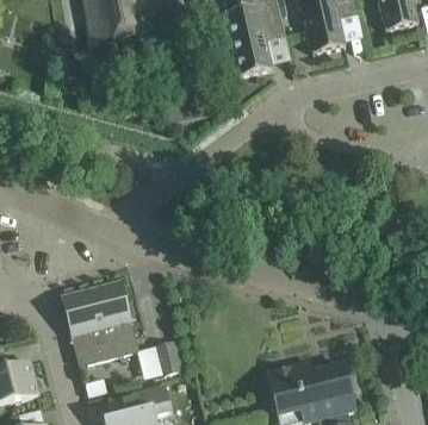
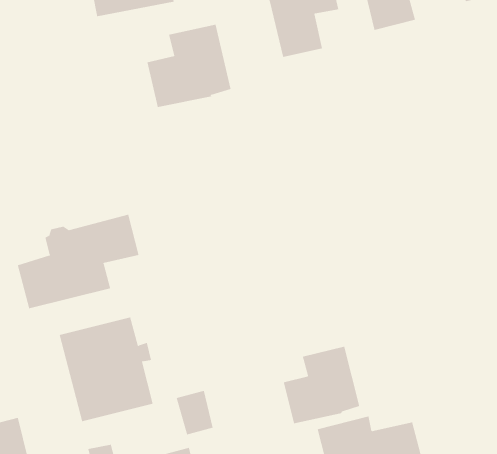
building: none -> [147,24,231,108]
building: none -> [17,214,139,309]
building: none -> [283,346,360,424]

